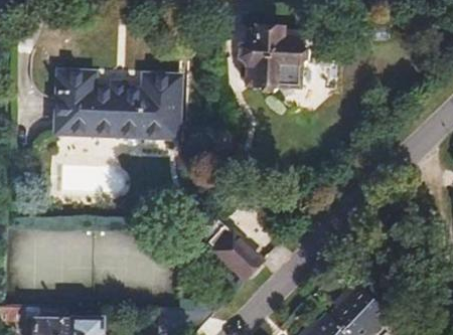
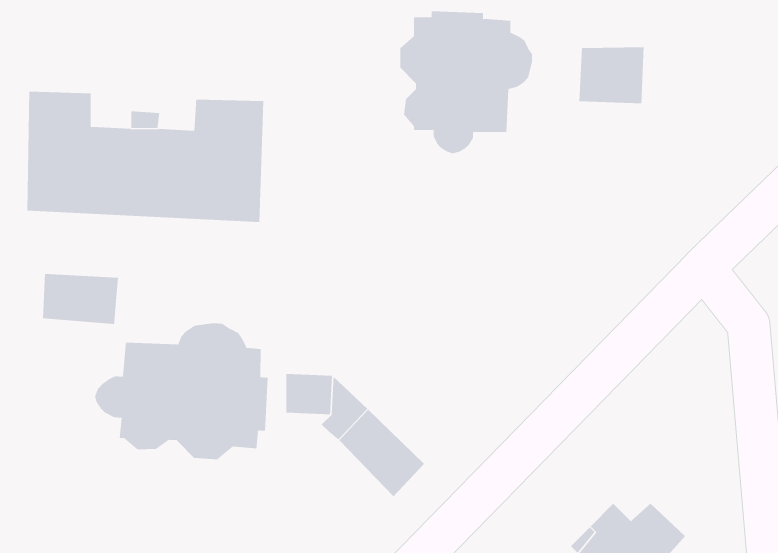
building: none -> [579,46,644,104]
building: none -> [94,322,268,460]

